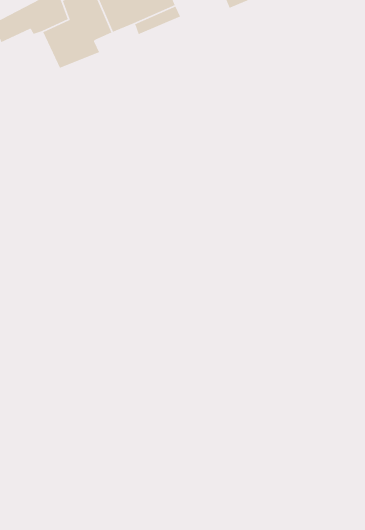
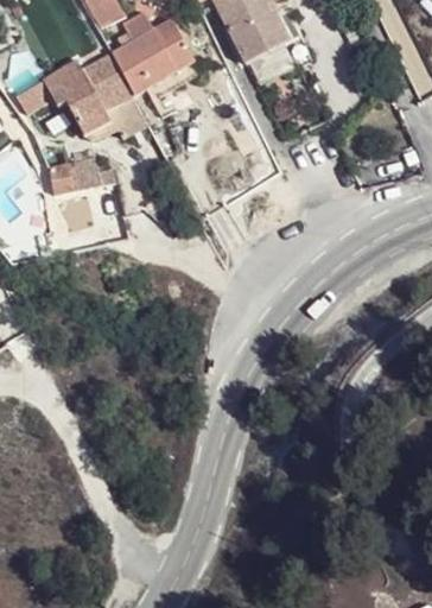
building: none -> [50,154,115,195]

